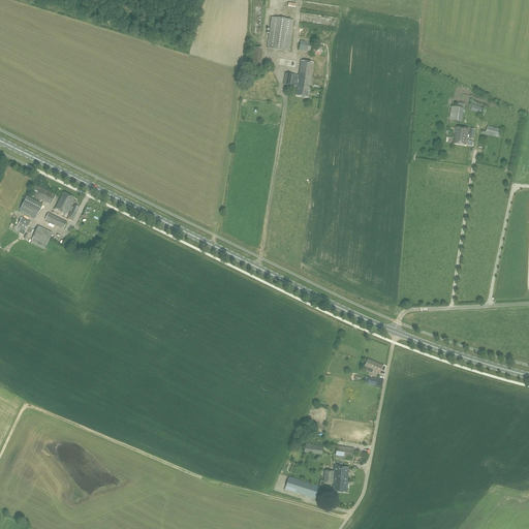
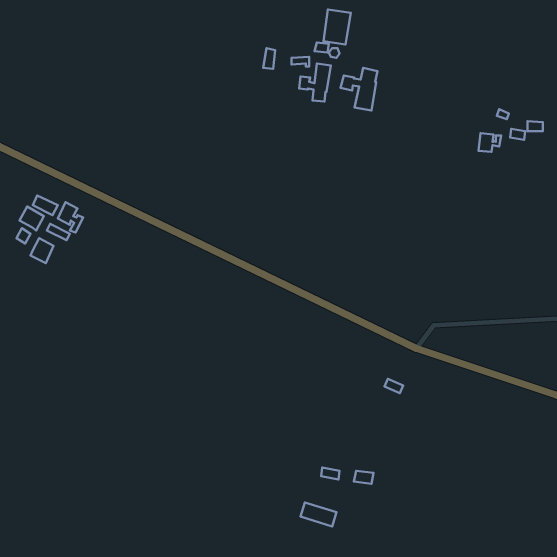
building: [267,17,292,50] -> [324,9,351,44]
building: none -> [341,68,377,110]
building: [322,465,347,491] -> none

